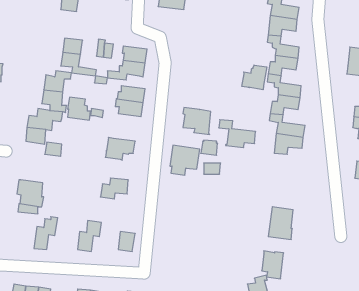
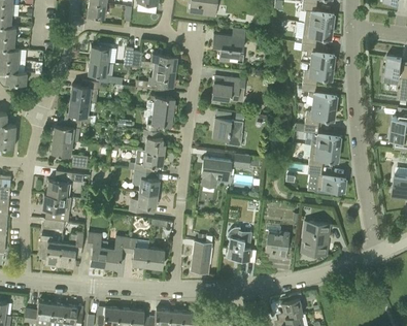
building: none -> [212,29,246,63]
building: [242,65,267,90] -> none
building: none -> [212,75,241,102]
building: [68,97,90,120] -> [142,129,166,153]
building: [219,120,256,148] -> [308,165,346,194]
building: none -> [132,169,160,193]
building: none -> [46,170,72,196]
building: none -> [227,228,251,261]
building: none -> [87,231,107,265]
building: none -> [191,234,212,273]
building: none -> [128,235,149,265]
building: none -> [39,238,63,264]
building: [262,251,284,279] -> [266,229,289,258]

